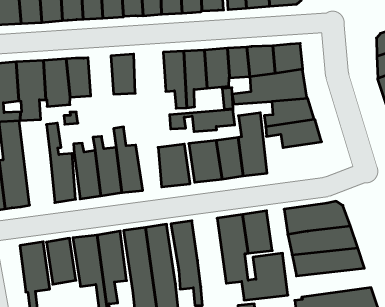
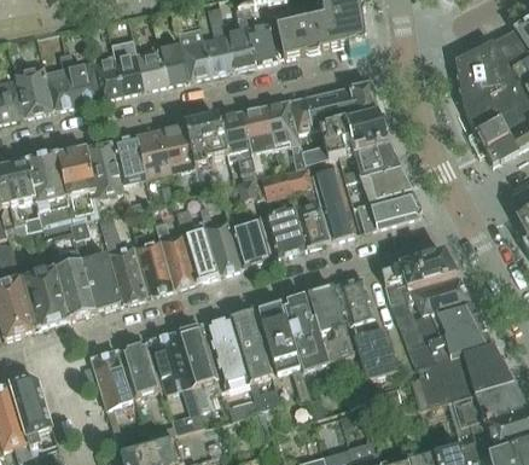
building: none -> [185,116,226,192]
building: none -> [134,129,169,178]
building: none -> [68,215,120,310]
building: none -> [198,205,239,274]
building: none -> [356,188,422,229]
building: none -> [279,292,329,372]
building: none -> [406,322,492,366]

